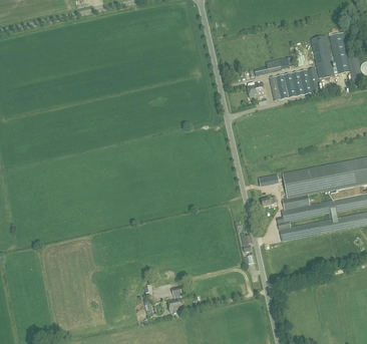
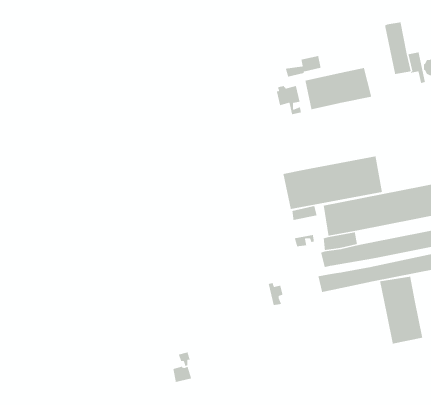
building: [310,35,333,77] -> none
building: none -> [282,156,383,210]
building: none -> [379,276,423,344]

